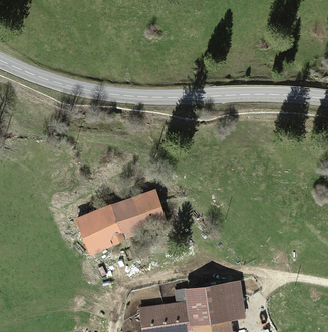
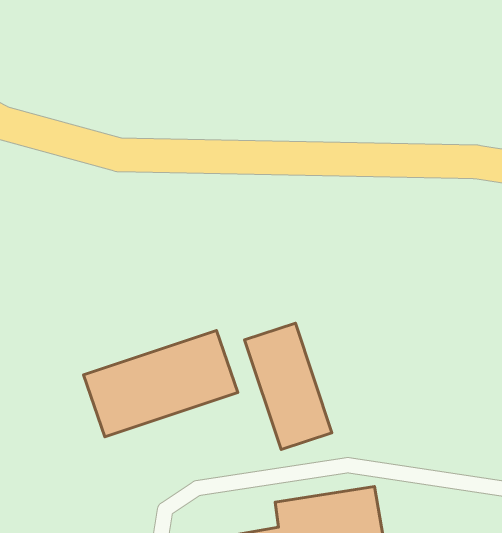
building: none -> [245,323,332,449]

